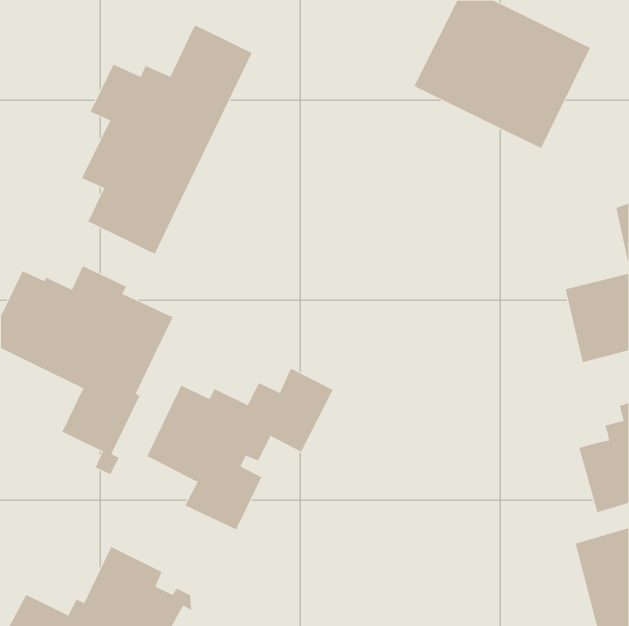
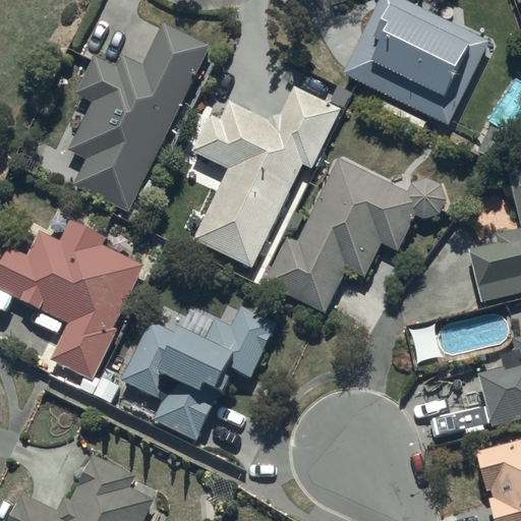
building: none -> [191,85,341,268]
building: none -> [264,160,446,313]

